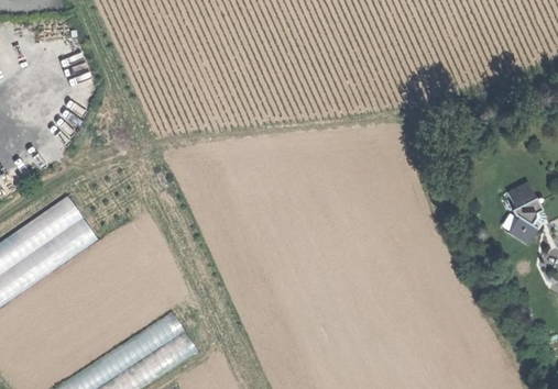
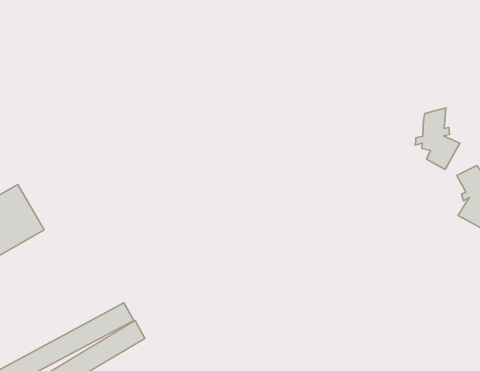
building: none -> [415,108,460,169]

